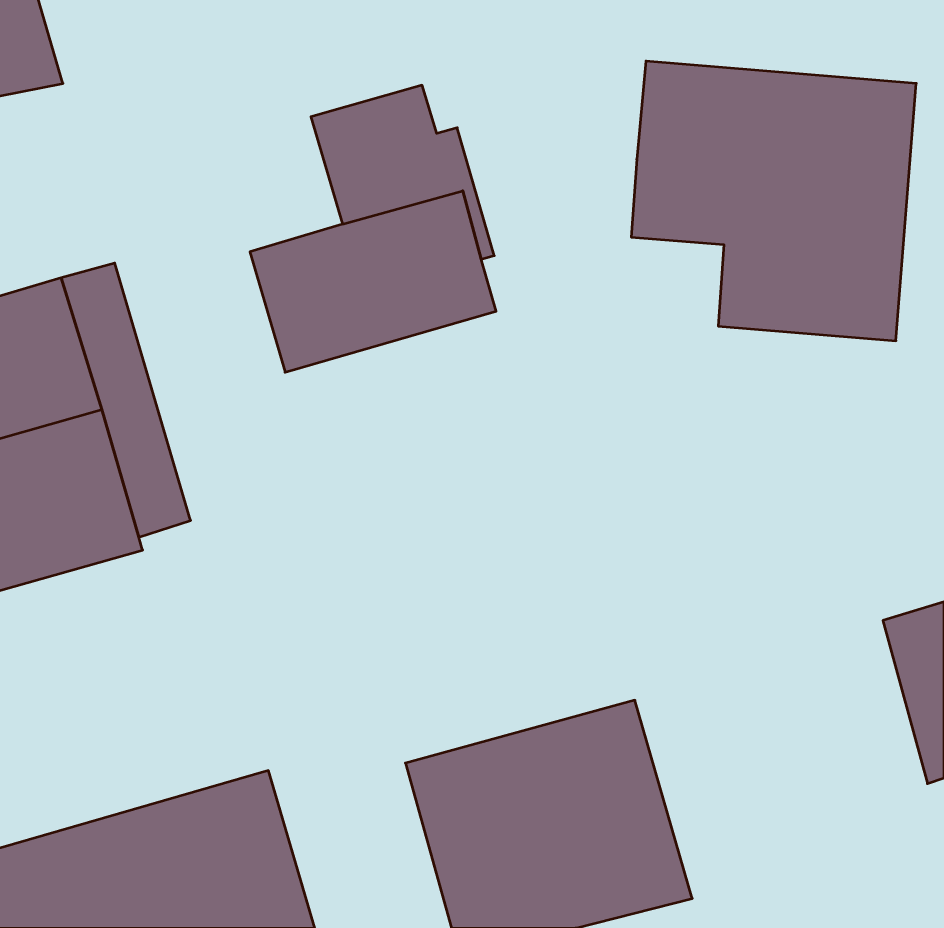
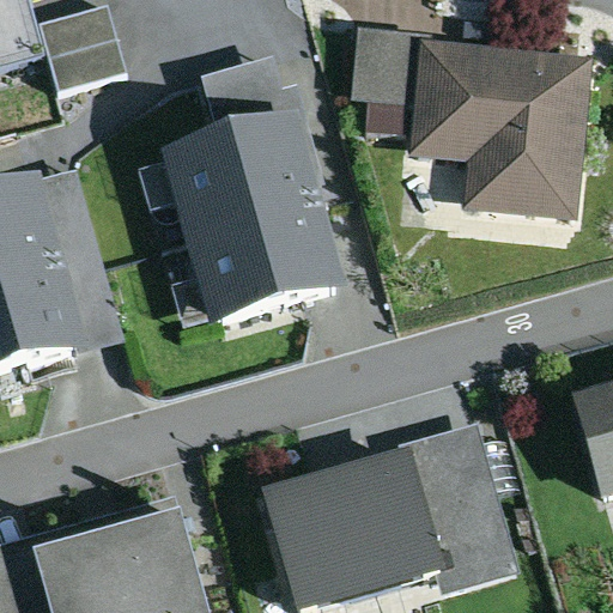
building: none -> [37,7,123,90]
building: none -> [350,26,419,103]
building: none -> [184,201,346,328]
building: none -> [408,423,522,593]

